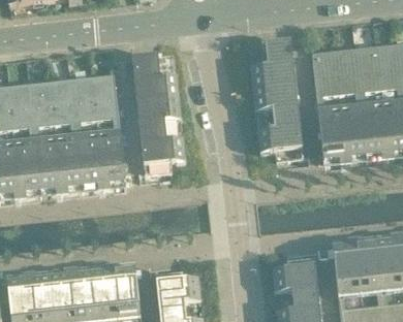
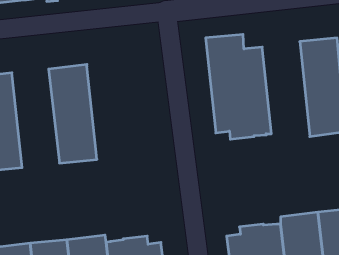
building: [311,50,366,161] -> none
building: [114,54,185,175] -> none
building: [29,81,83,192] -> none

